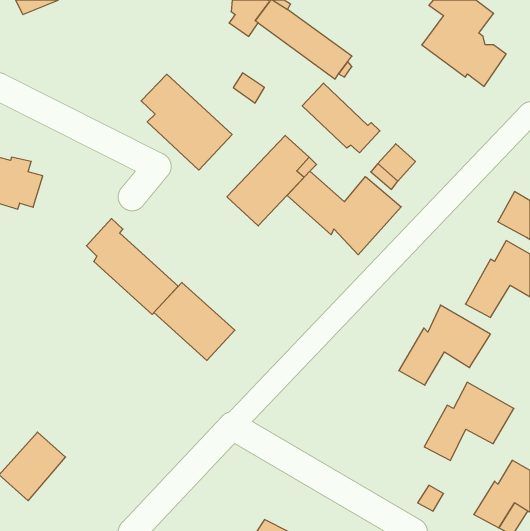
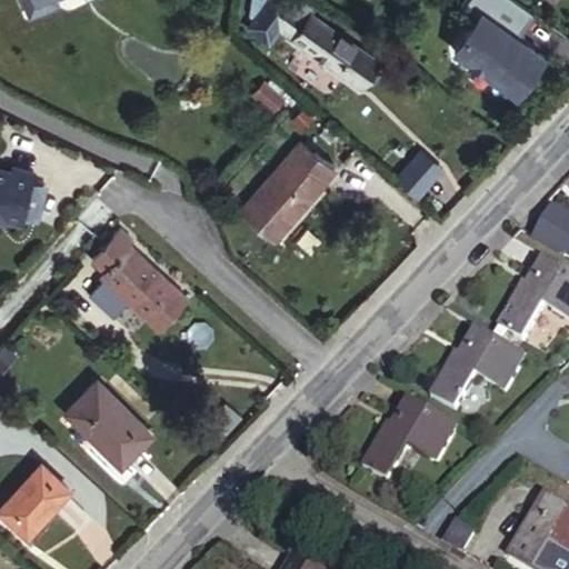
building: [141,74,232,170] -> none
building: [302,83,380,153] -> none
building: [287,171,401,255] -> none
building: [154,282,235,360] -> [66,377,152,460]
building: [424,382,514,460] -> [359,399,455,482]

